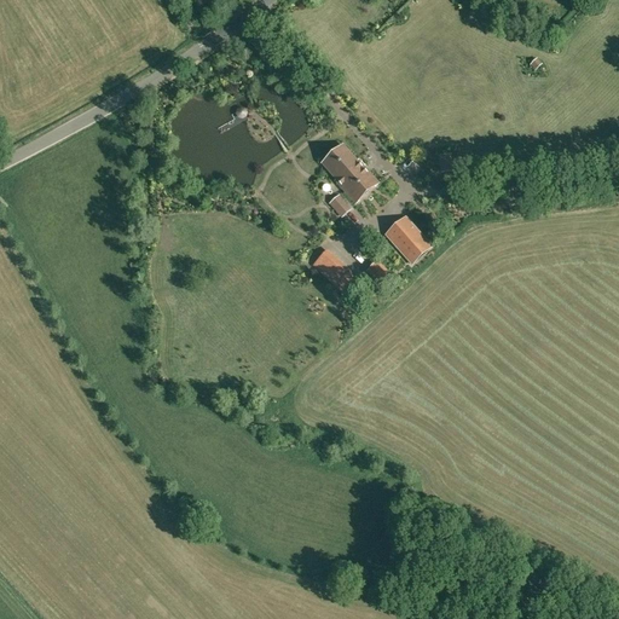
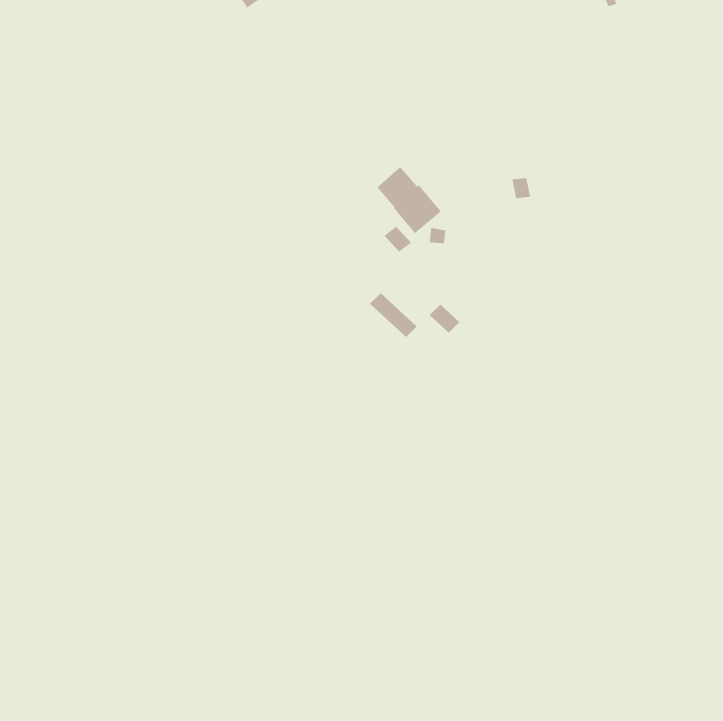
building: [383,214,430,261] -> none

